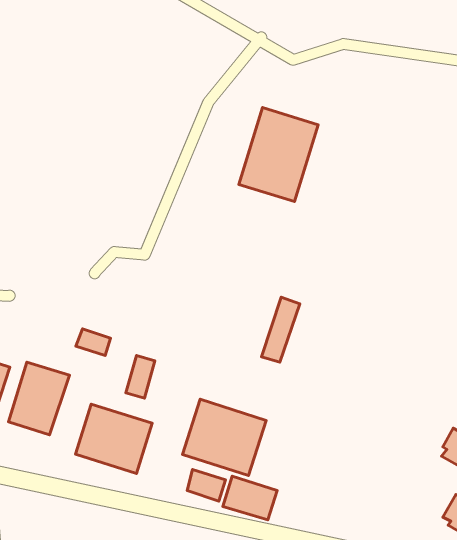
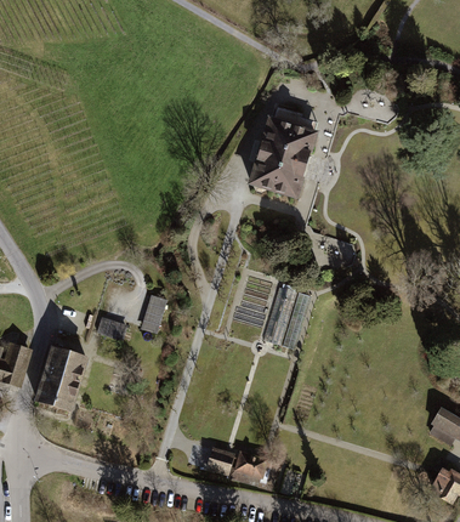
building: [126,356,155,398] -> [140,295,166,334]
building: [182,399,266,476] -> none
building: [75,404,152,473] -> none

